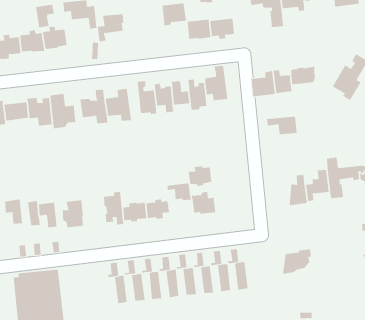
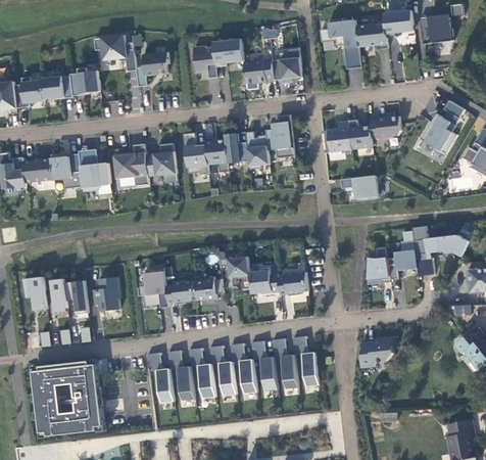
building: [36,4,55,28] -> none
building: none -> [192,45,217,78]
building: [188,166,212,186] -> [278,271,307,295]

